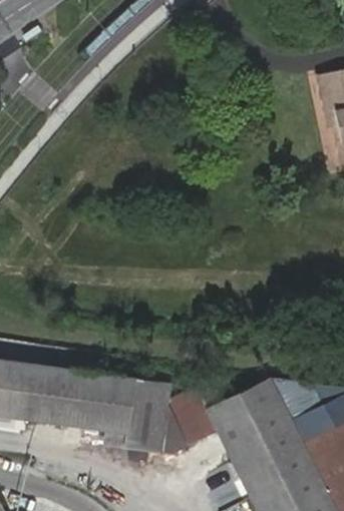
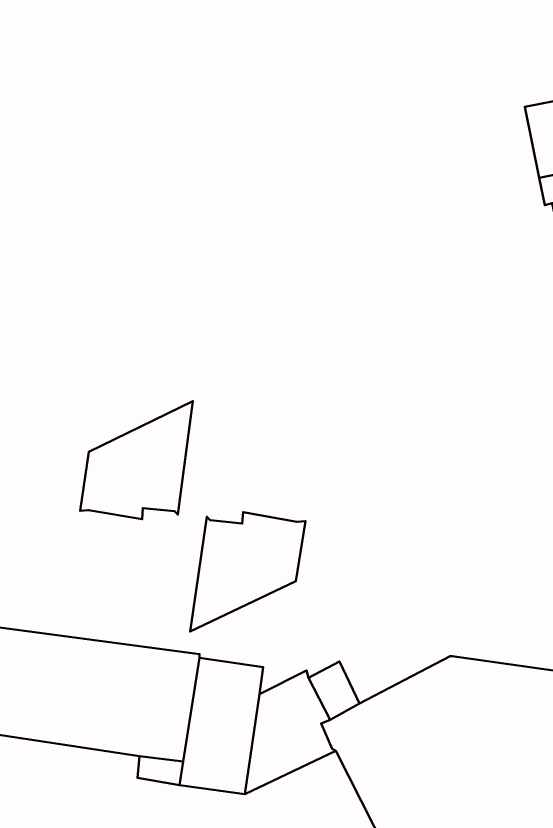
building: none -> [80,401,193,519]
building: none -> [190,512,306,631]

